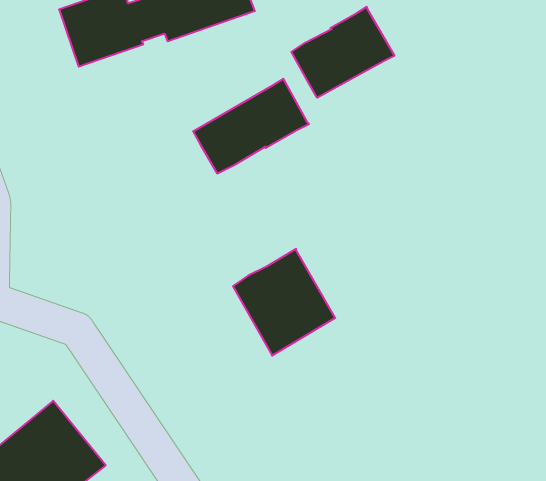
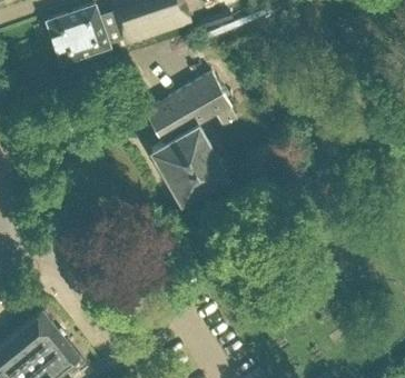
building: [291,7,394,98] -> none
building: [233,249,335,356] -> [150,121,226,200]

